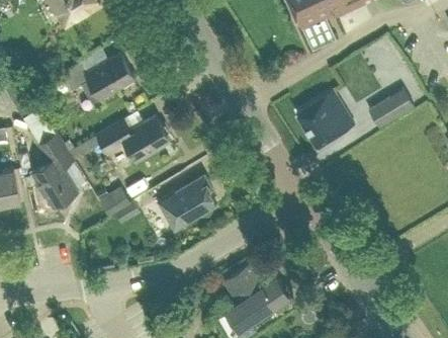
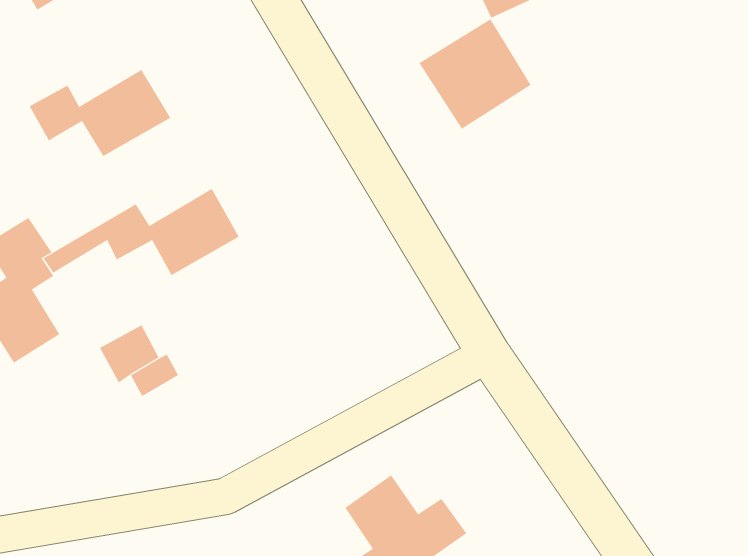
building: [366,89,413,129] -> none
building: [294,91,353,149] -> [419,18,532,130]
building: [157,176,215,232] -> none

